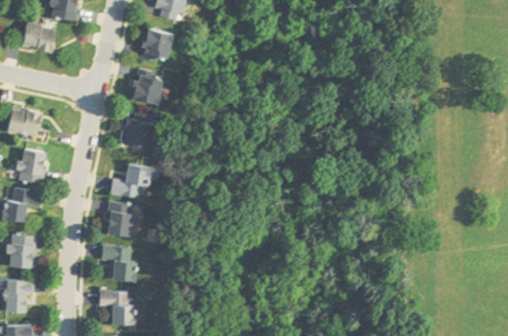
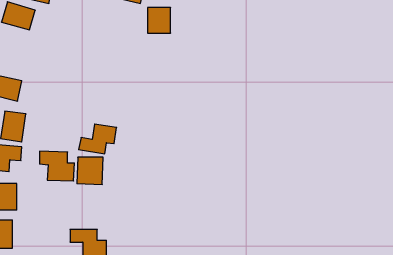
building: [145,31,172,61] -> [148,8,171,33]
building: [127,70,167,107] -> none
building: [120,111,157,150] -> none
building: [98,243,139,278] -> [40,151,74,181]

